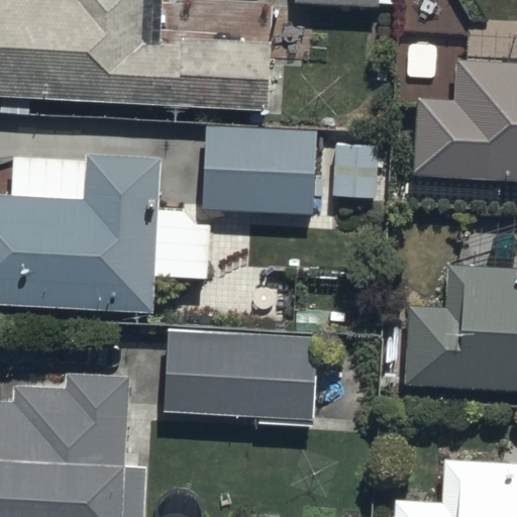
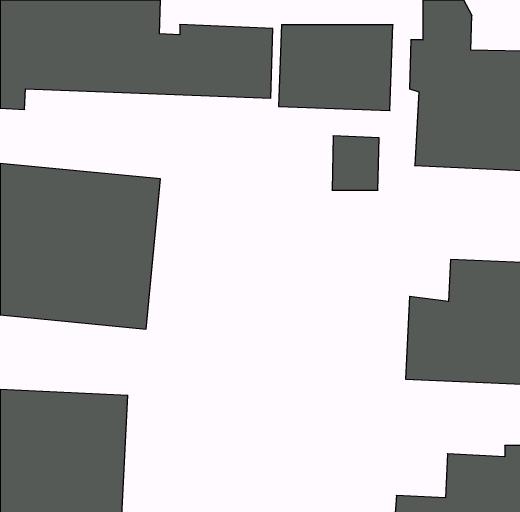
building: [202,127,315,212] -> [279,25,393,111]
building: [166,276,313,424] -> none

